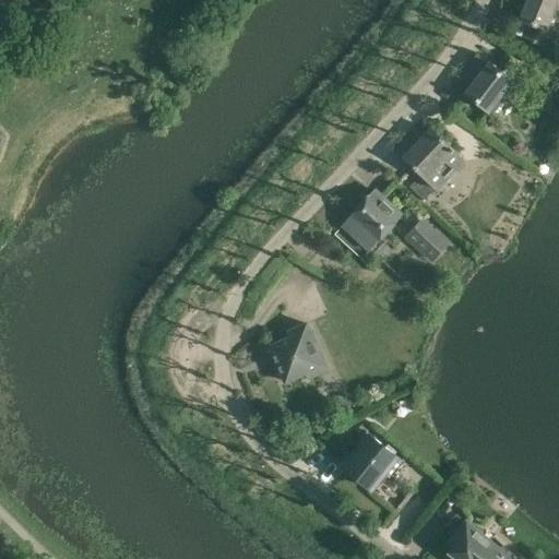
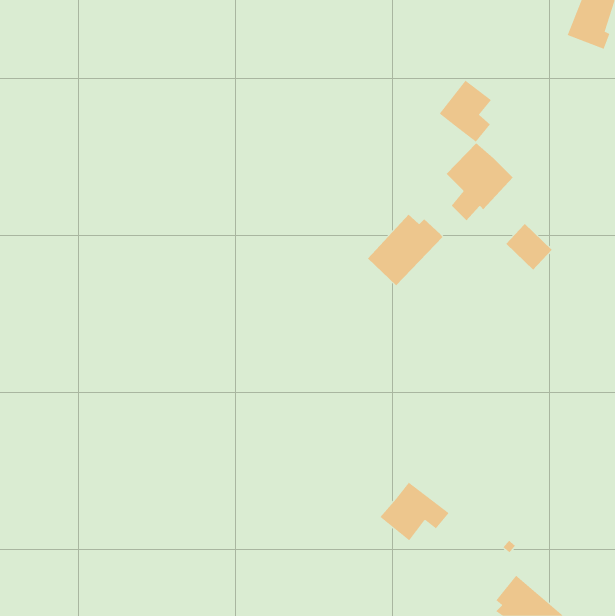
building: [464,62,512,119] -> [439,80,492,143]
building: [404,218,447,261] -> [505,223,553,270]
building: [269,323,326,381] -> none

